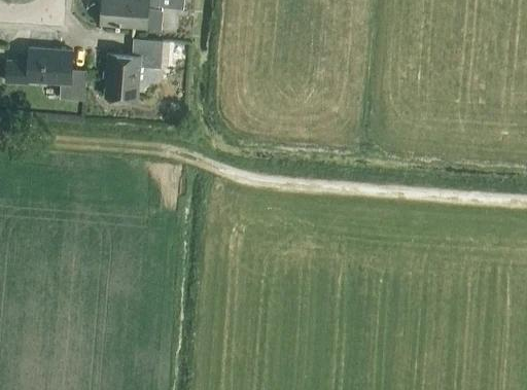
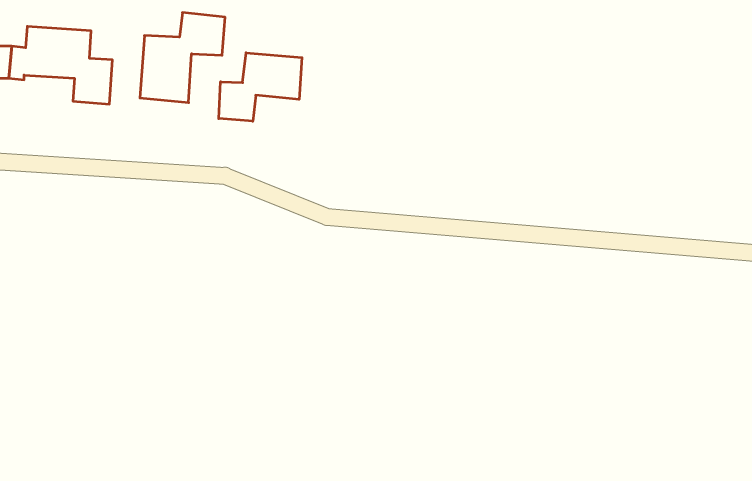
building: none -> [219,53,302,121]

